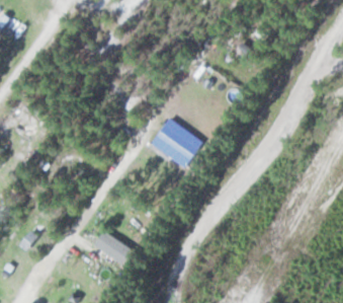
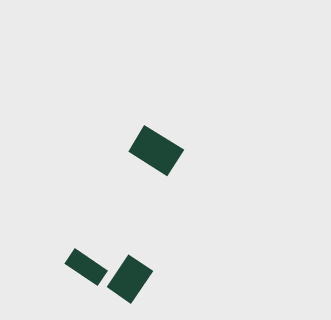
building: none -> [106,253,155,305]

